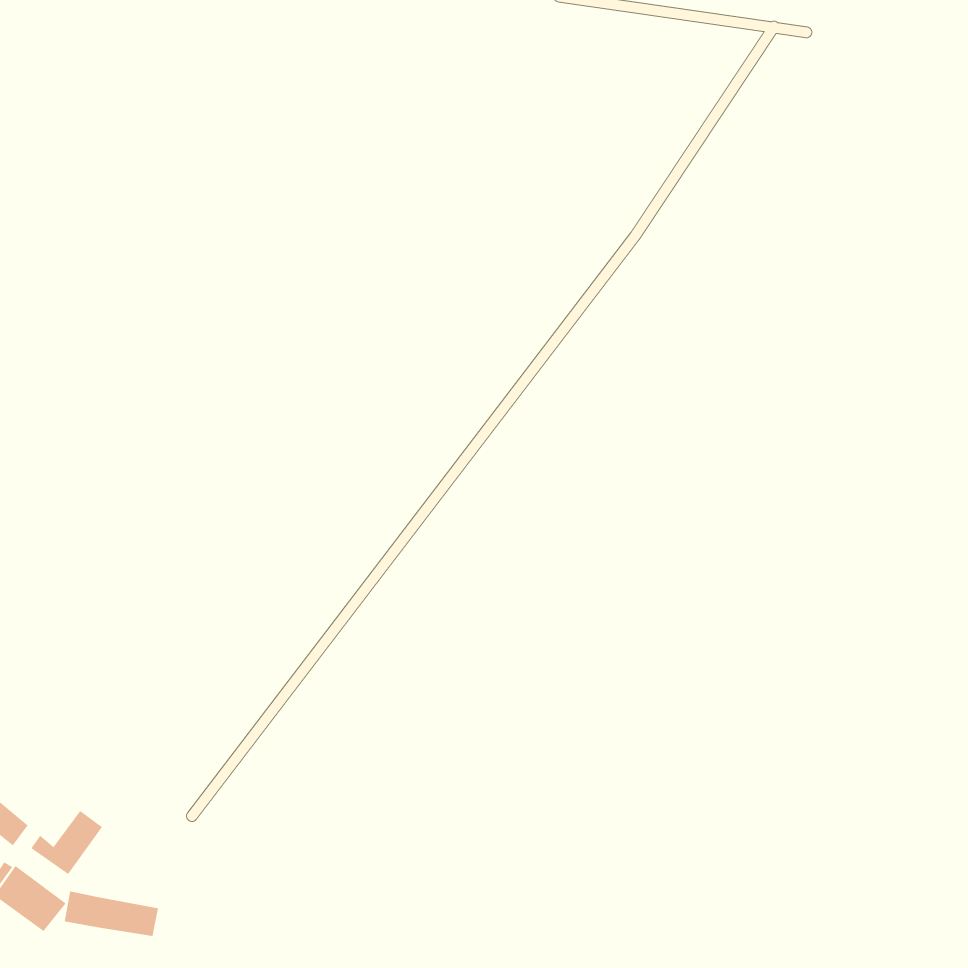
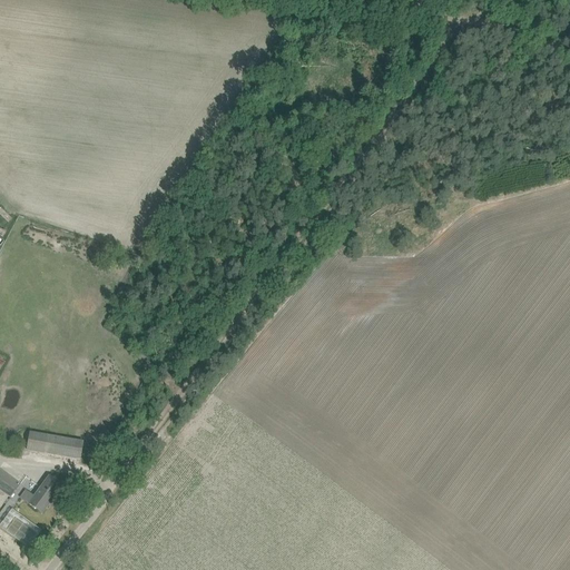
building: [64,891,159,937] -> [24,430,80,456]

